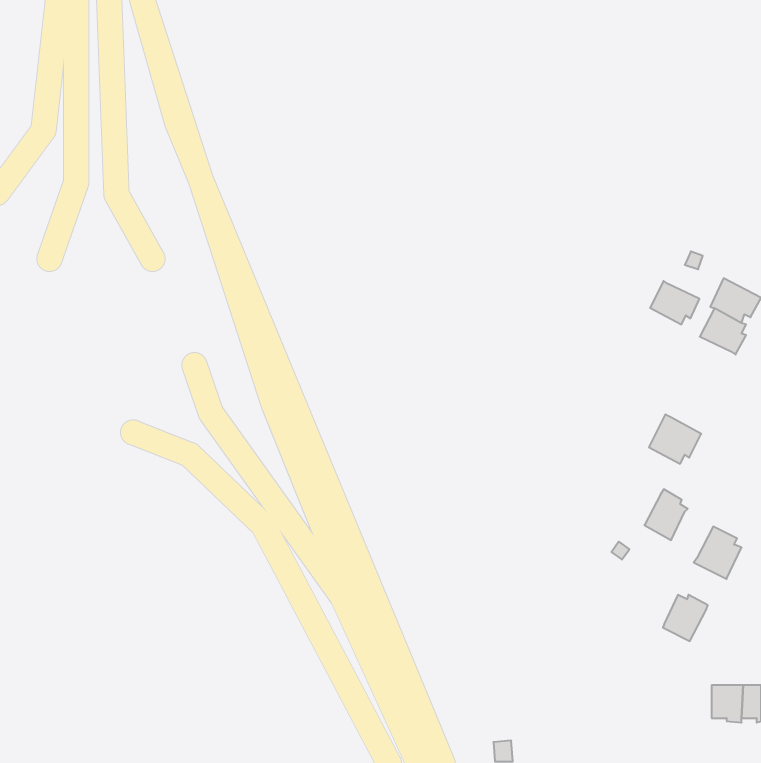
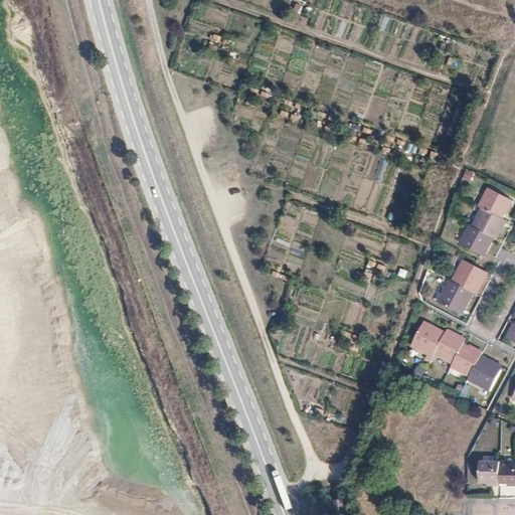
building: [650,281,699,324] -> [459,224,492,253]
building: none -> [452,260,484,293]
building: none -> [410,324,445,356]
building: [663,595,708,641] -> [451,344,481,375]

